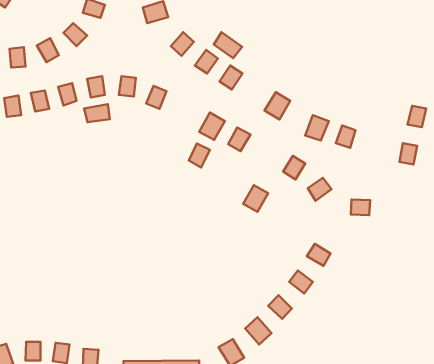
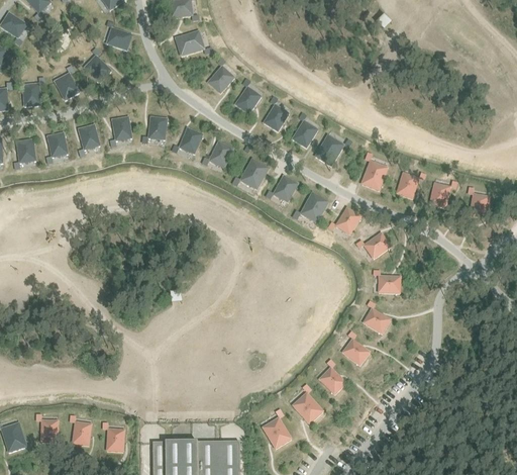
building: [214,32,242,58] -> none
building: none -> [292,119,317,147]
building: [84,104,110,122] -> none
building: [408,106,426,127] -> [429,182,450,206]
building: [189,144,210,167] -> [209,139,233,167]
building: [243,185,268,212] -> [300,191,328,221]
building: [351,199,370,215] -> [378,274,400,292]

